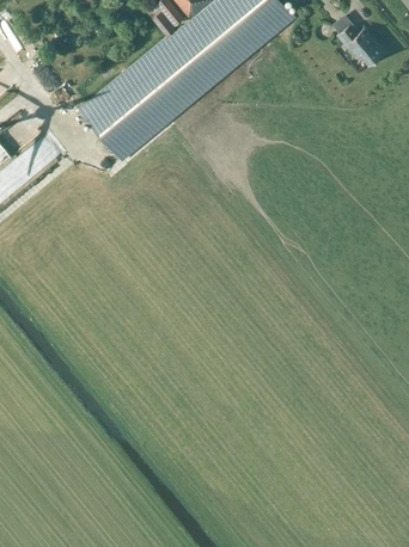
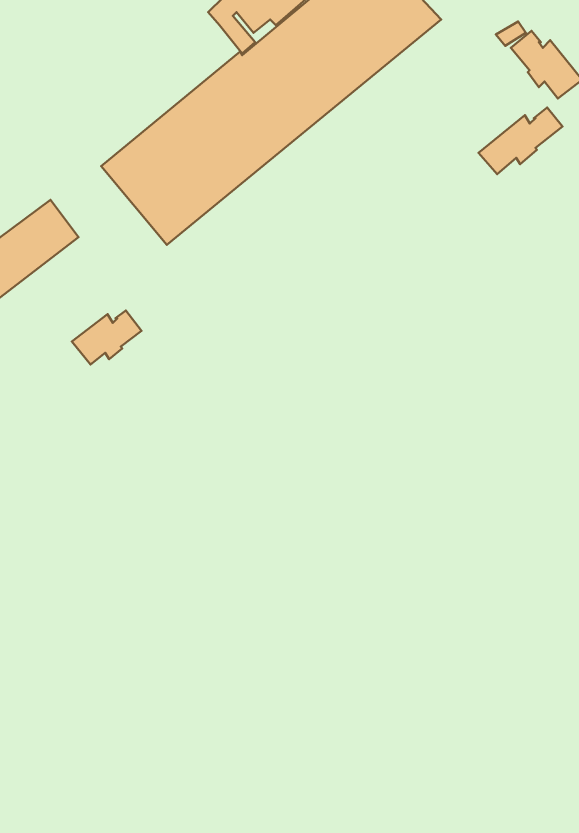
building: none -> [479,107,562,174]
building: none -> [72,310,142,365]

